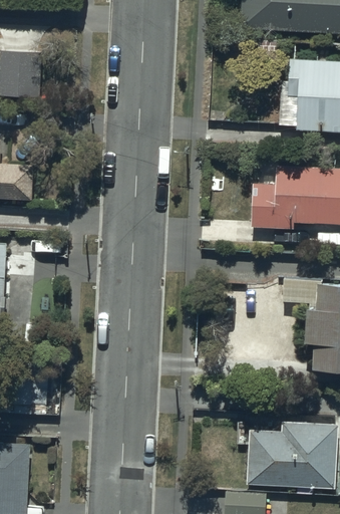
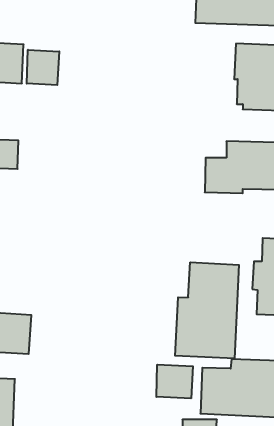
building: none -> [27,50,59,85]
building: none -> [175,262,239,358]
building: none -> [156,365,193,398]

